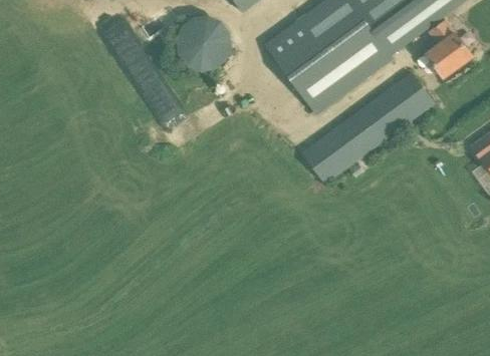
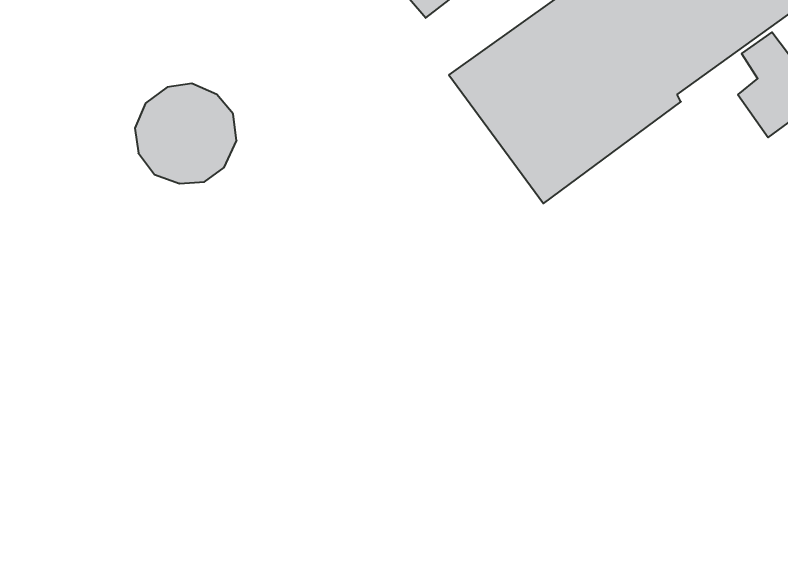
building: [175,15,232,71] -> [135,84,237,183]
building: [299,71,434,185] -> none

